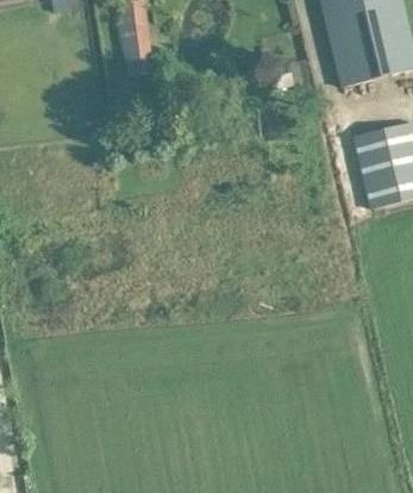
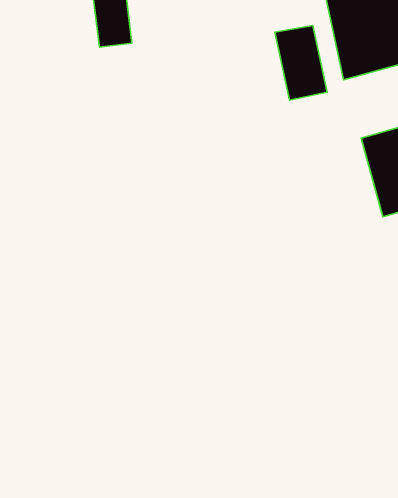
building: none -> [275,26,327,100]

